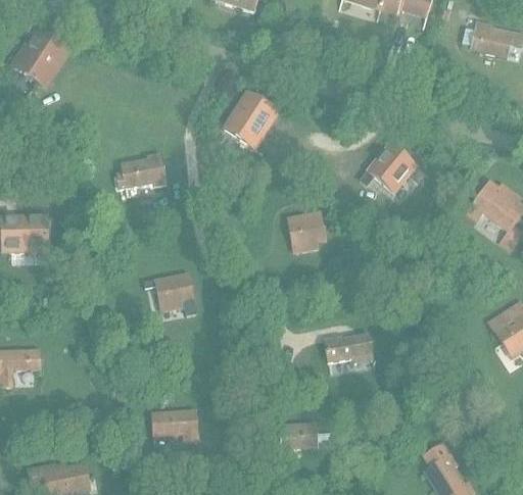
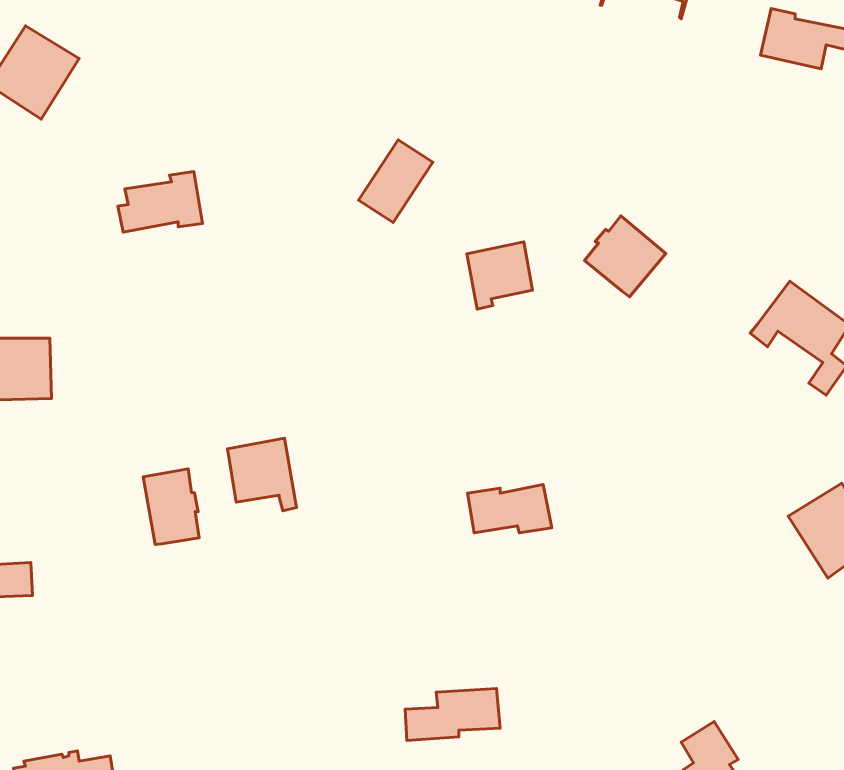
building: [115,154,165,190] -> [118,172,202,232]
building: [287,211,326,251] -> [467,242,532,309]
building: none -> [143,469,199,544]
building: [323,334,373,362] -> [467,485,552,533]
building: [156,411,197,442] -> none

